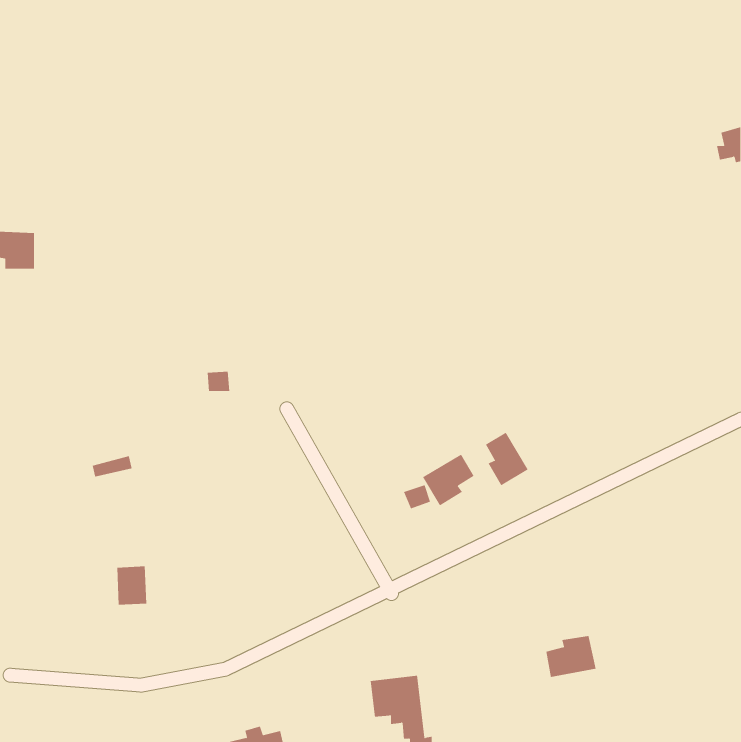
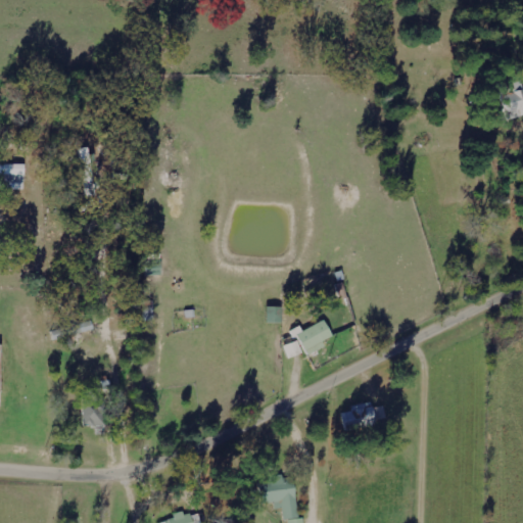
building: [485,432,529,486] -> none
building: [546,635,597,678] -> [341,402,377,432]

